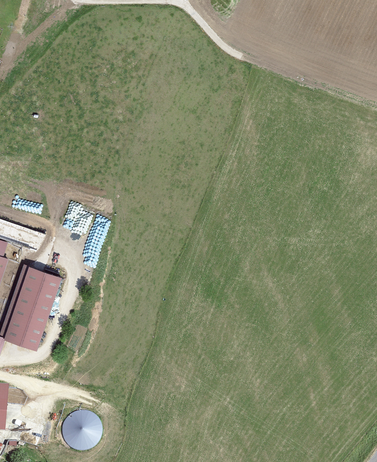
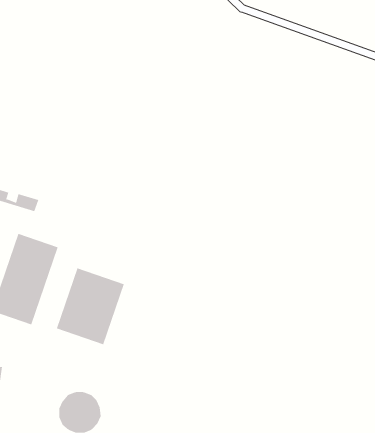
building: none -> [56,267,125,345]

